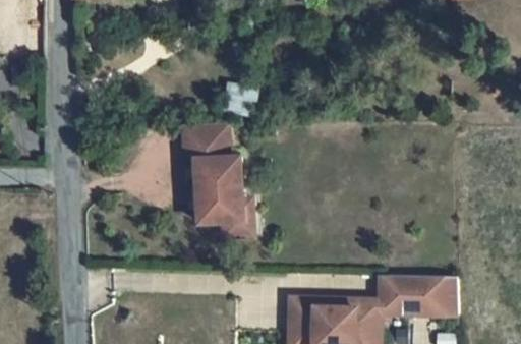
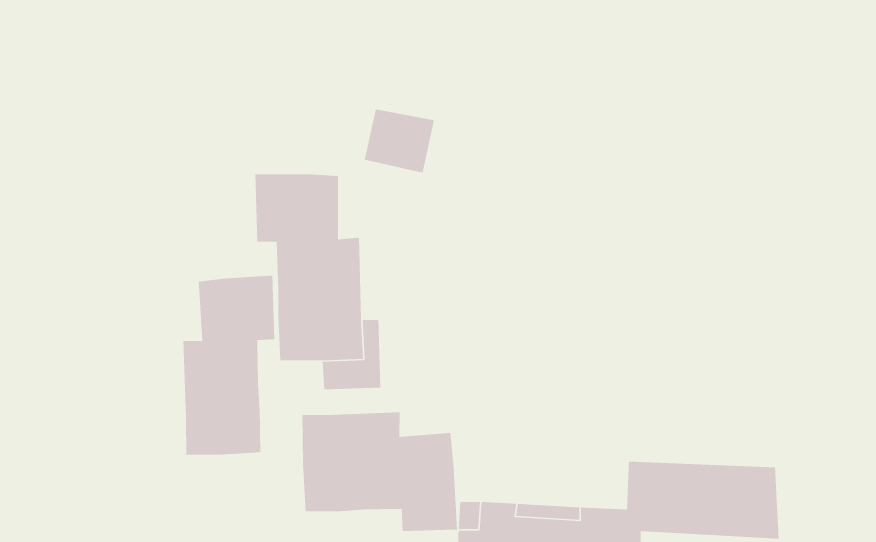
building: none -> [182,275,275,456]
building: none -> [301,411,458,532]

